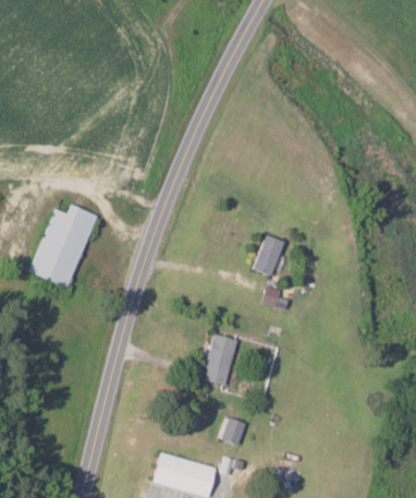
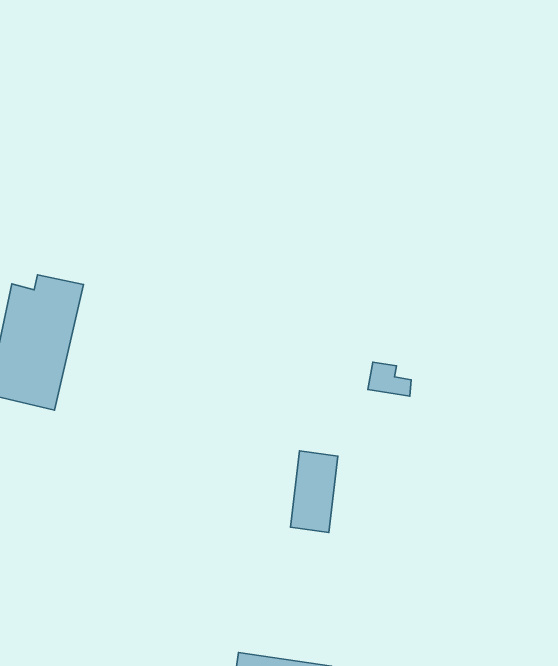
building: [255,235,282,275] -> none
building: [220,417,245,446] -> none

